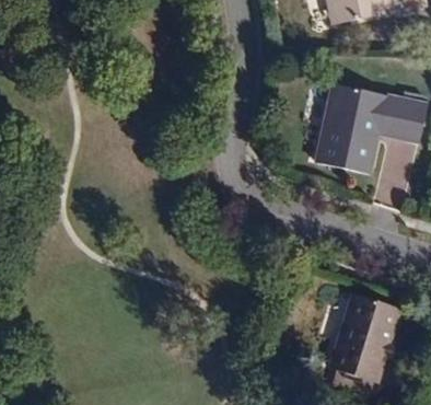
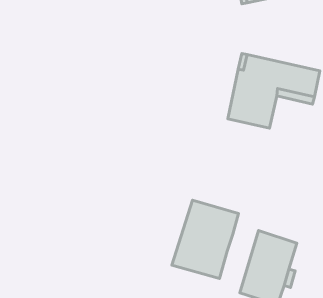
building: none -> [172,200,239,279]

